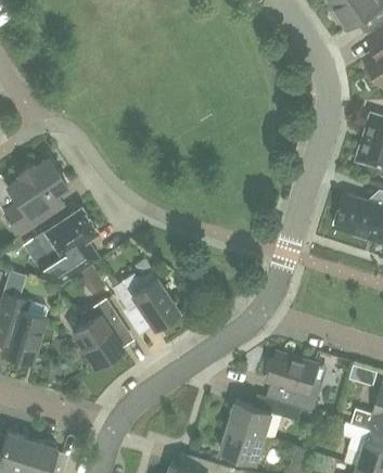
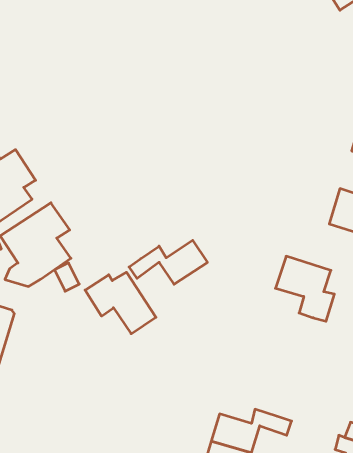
building: none -> [129,240,207,284]
building: [72,297,123,367] -> none
building: [267,351,321,411] -> [275,256,334,321]

